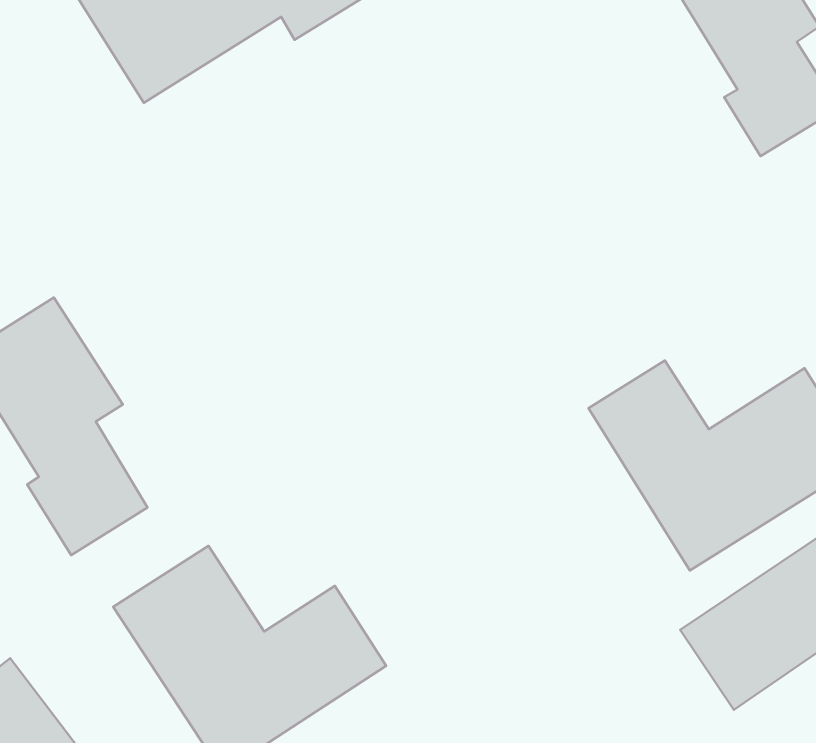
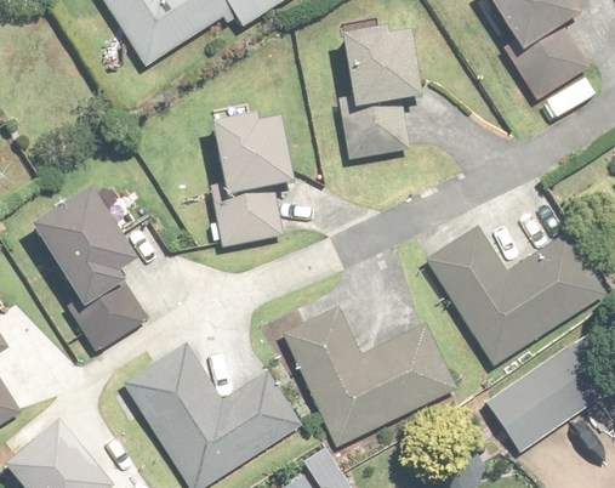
building: none -> [341,18,416,157]
building: none -> [210,110,291,244]
building: none -> [284,308,454,444]

